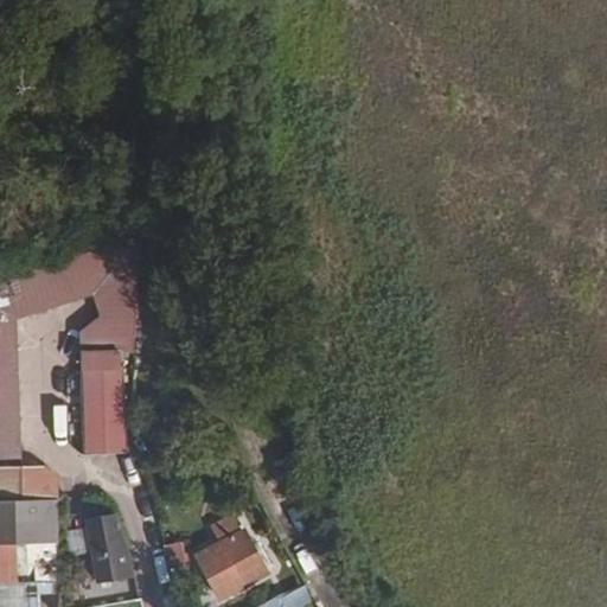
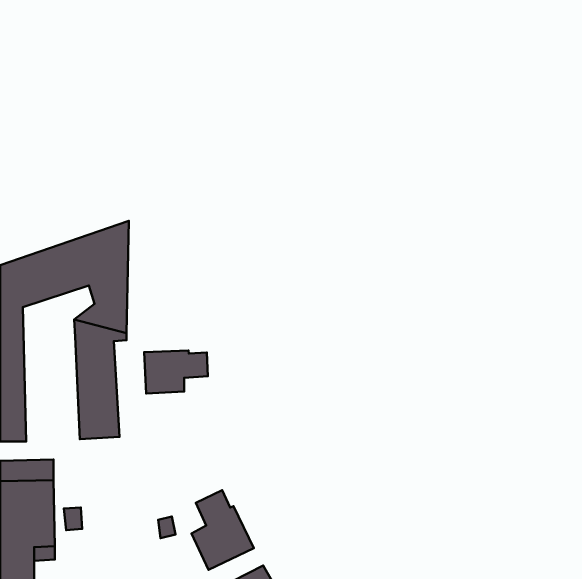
building: none -> [144,351,208,394]
building: [90,517,132,575] -> none

